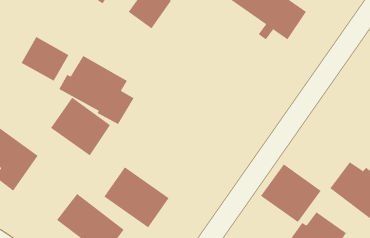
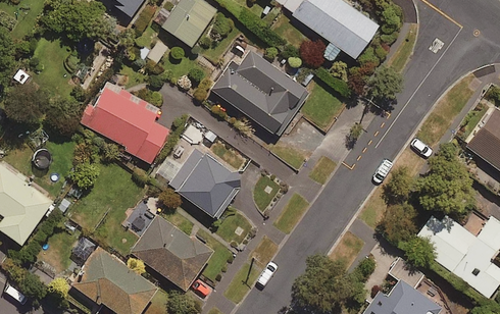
building: none -> [213,52,309,139]
building: [21,36,69,82] -> none
building: [50,97,111,156] -> [169,149,244,221]
building: [260,163,321,223] -> none

